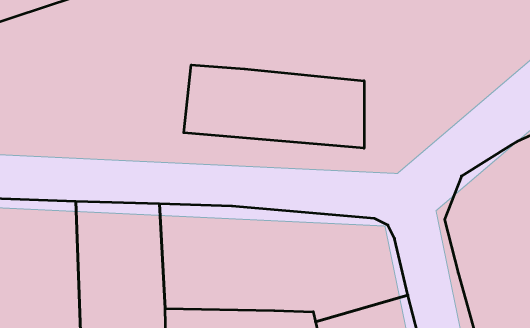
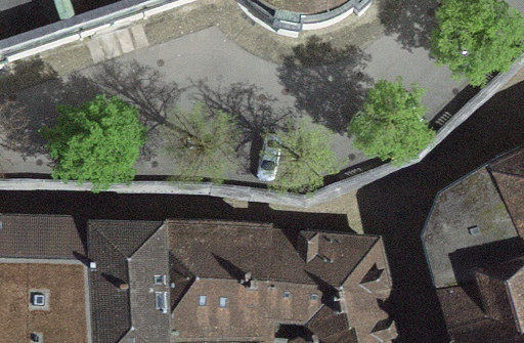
building: [184,65,364,148] -> none

